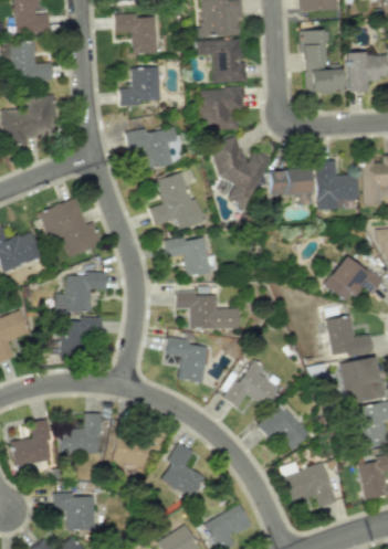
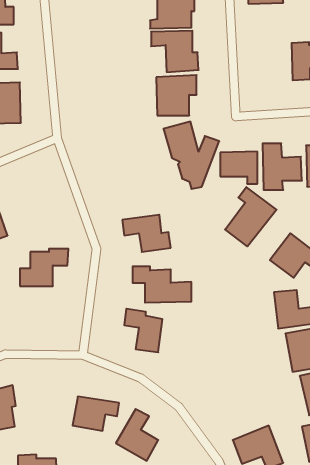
building: [115,14,157,54] -> none
building: [302,29,343,92] -> none
building: [119,66,160,106] -> none
building: [126,127,177,168] -> none
building: [149,171,203,229] -> none
building: [39,198,102,256] -> none
building: none -> [225,187,277,246]
building: [60,317,102,357] -> none
building: [223,359,280,407] -> none
building: [258,403,310,450] -> none
building: [60,412,101,452] -> none

